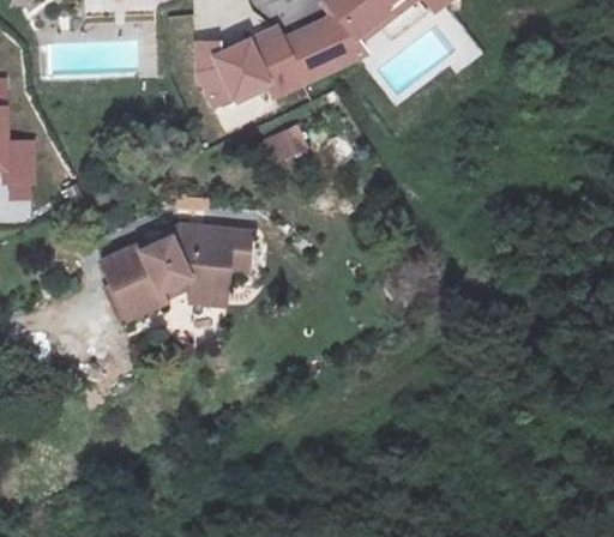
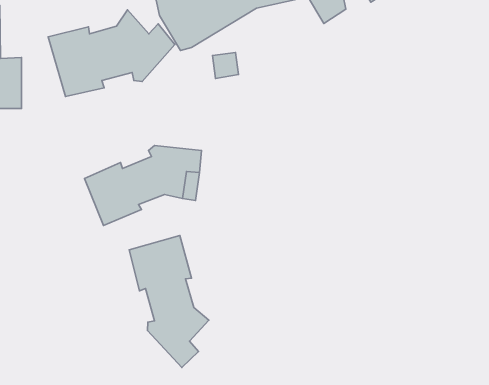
building: none -> [48,10,175,96]
building: none -> [129,236,209,367]

